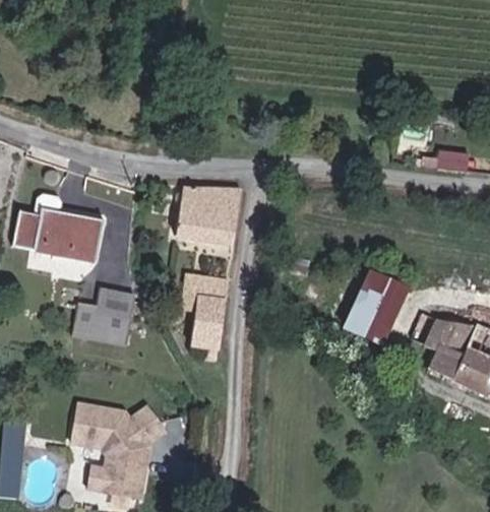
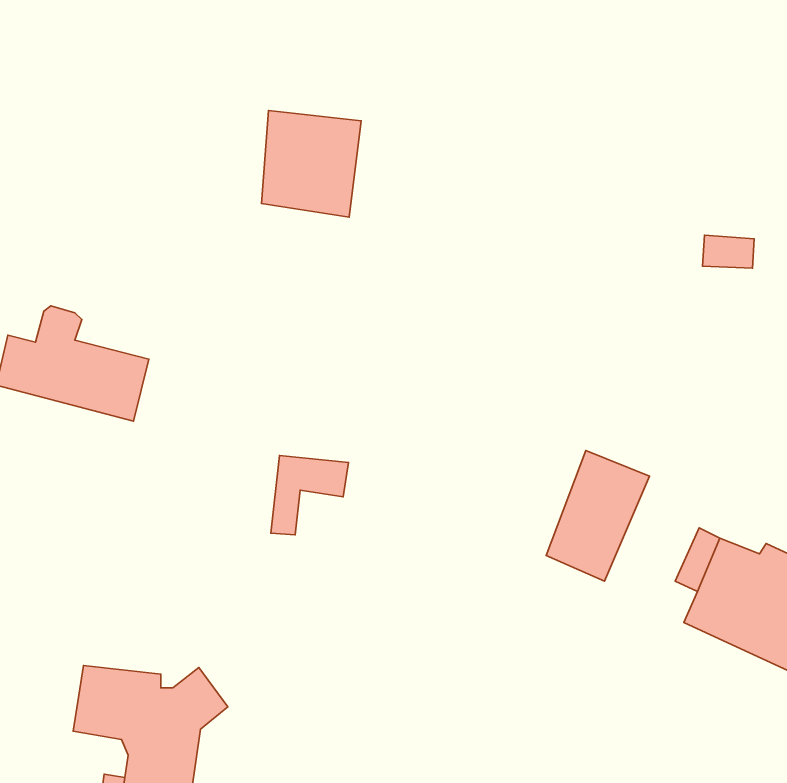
building: [180,187,239,250] -> [262,110,361,217]
building: [75,283,141,342] -> none
building: [193,299,225,354] -> none

